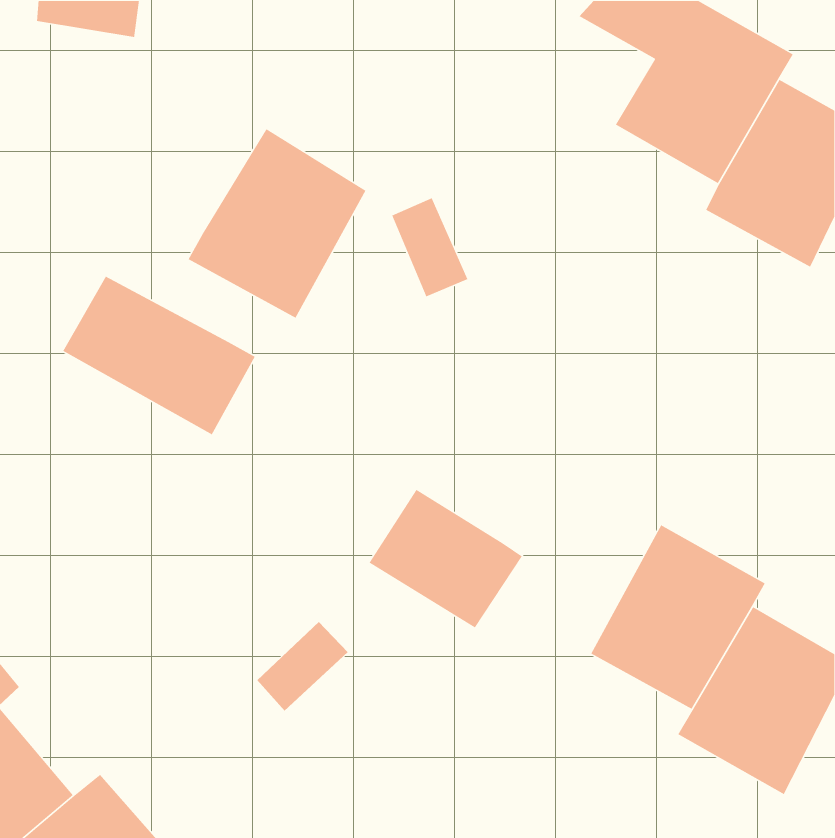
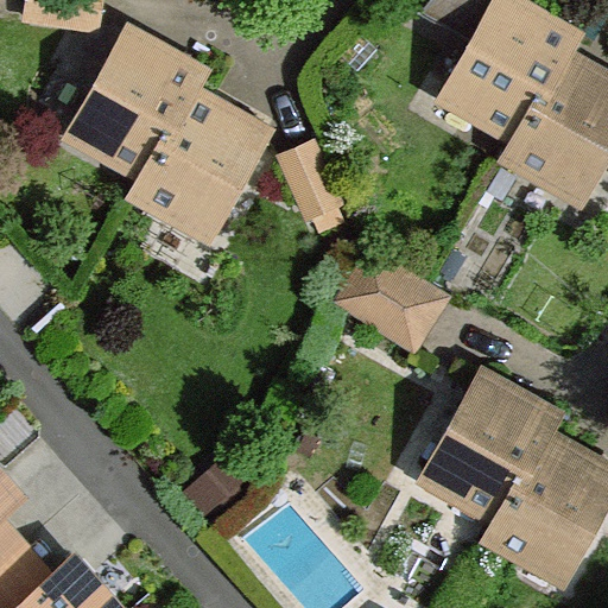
building: none -> [72,36,200,170]
building: [62,276,256,436] -> none
building: [368,489,523,628] -> [337,249,449,350]

